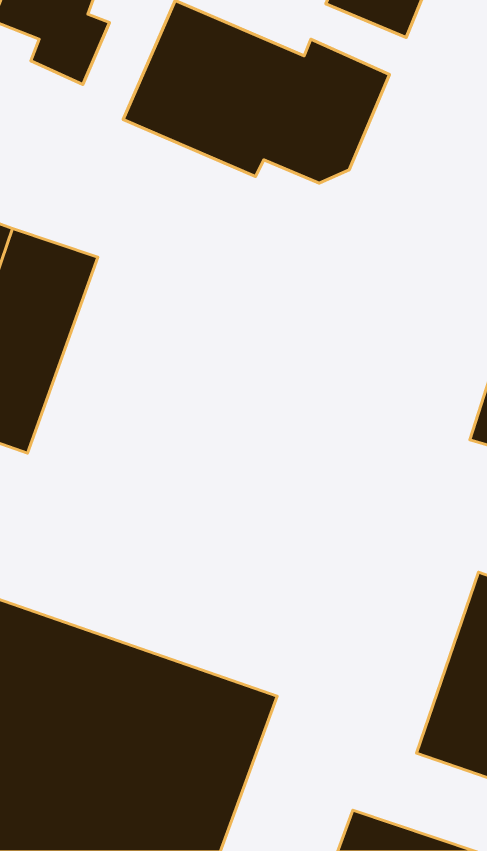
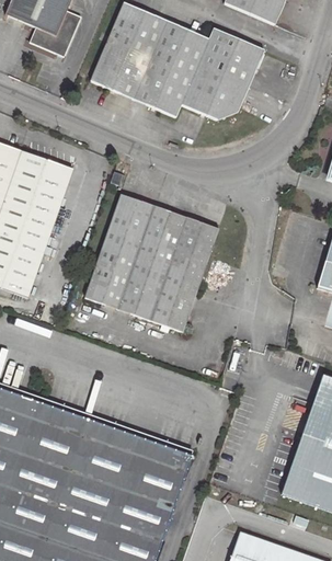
building: none -> [85,194,218,330]

